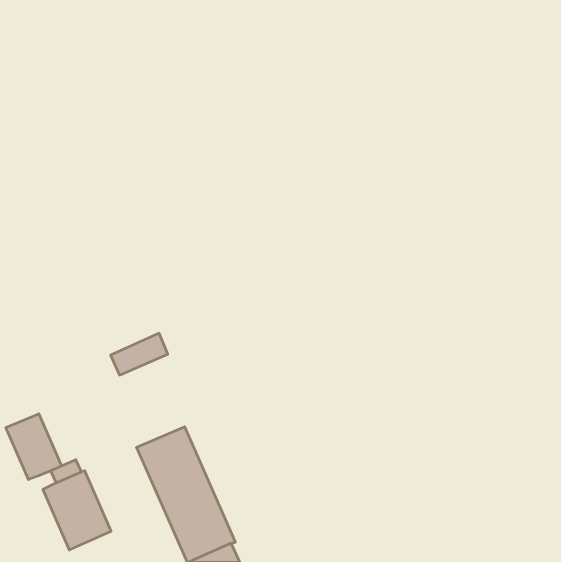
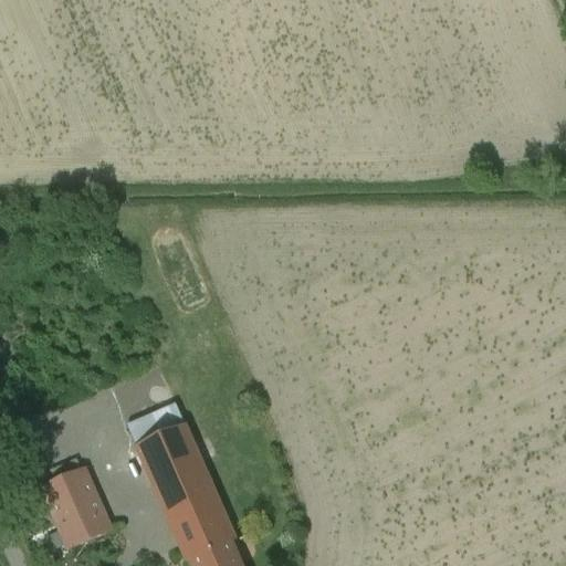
building: [111,333,168,375] -> [129,408,187,450]
building: [6,414,61,480] -> none

